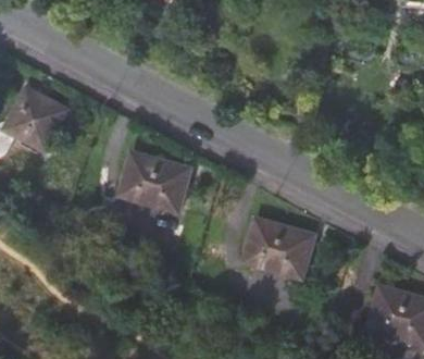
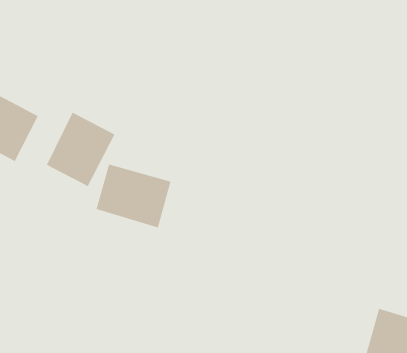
building: none -> [46,111,116,187]
building: [245,219,314,276] -> none

